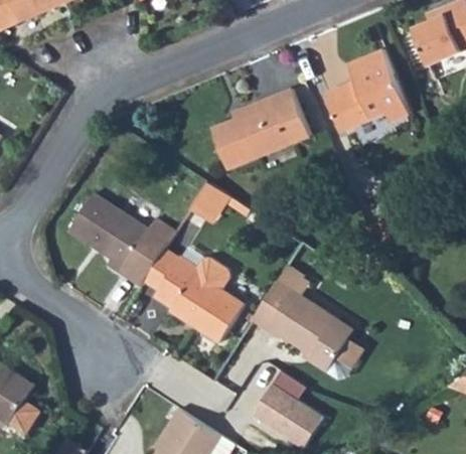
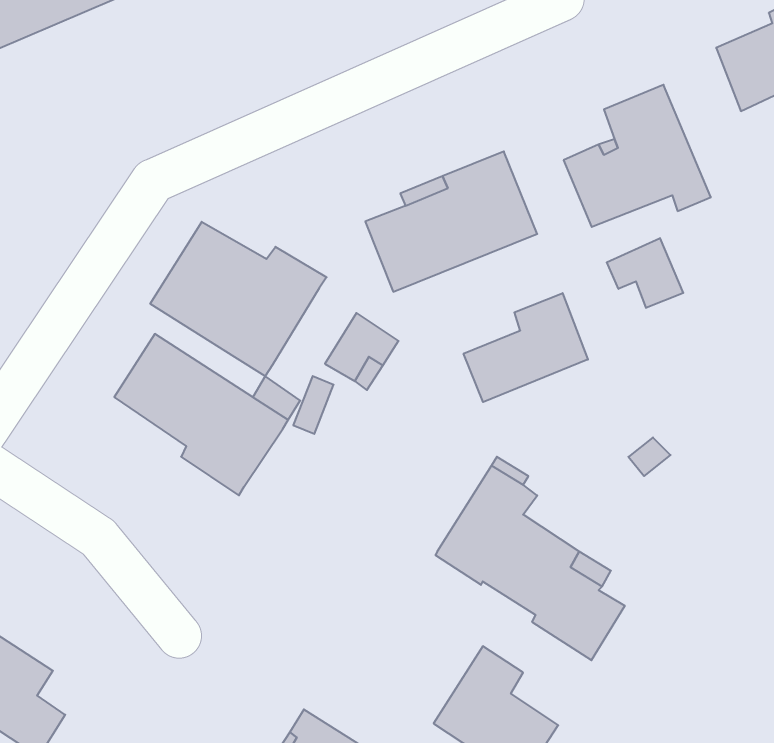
building: none -> [150,222,327,376]
building: none -> [607,238,683,308]
building: none -> [464,293,588,402]
building: [142,247,243,342] -> none

